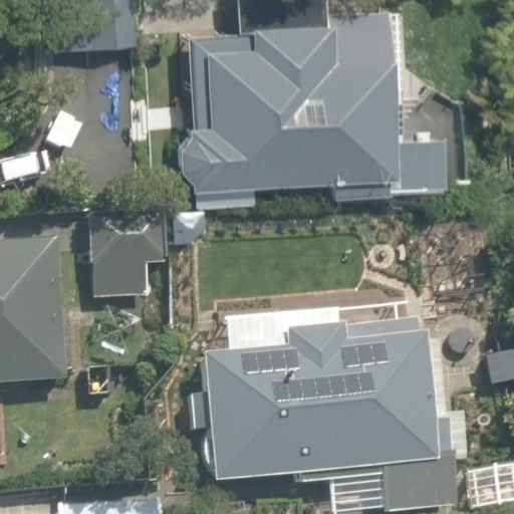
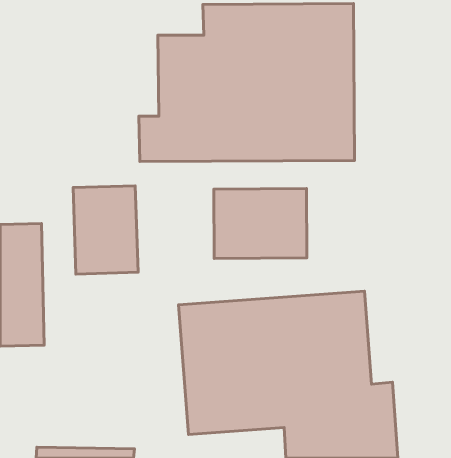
building: none -> [214,188,307,258]

